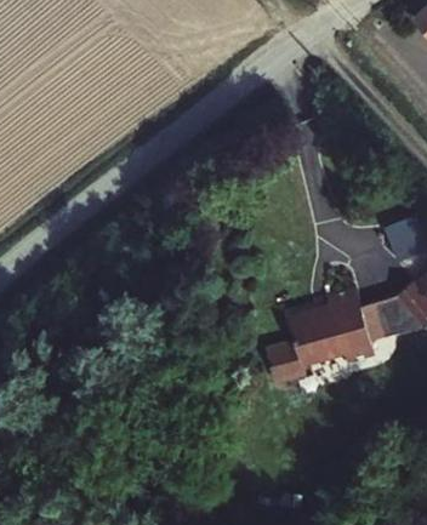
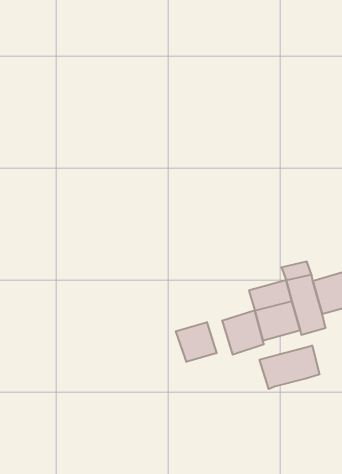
building: none -> [176,322,217,362]
building: none -> [260,345,320,389]

